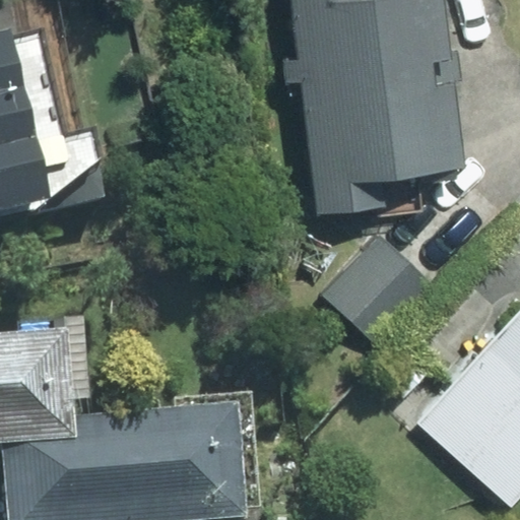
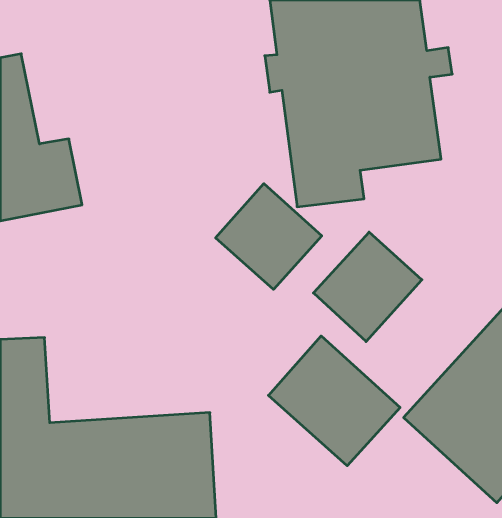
building: none -> [216,184,322,289]
building: none -> [268,336,400,466]

